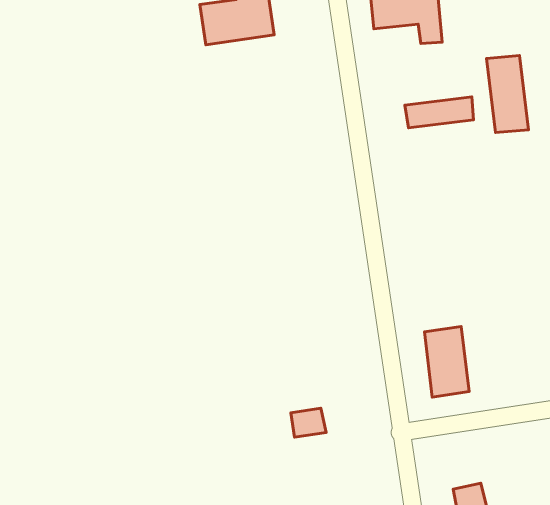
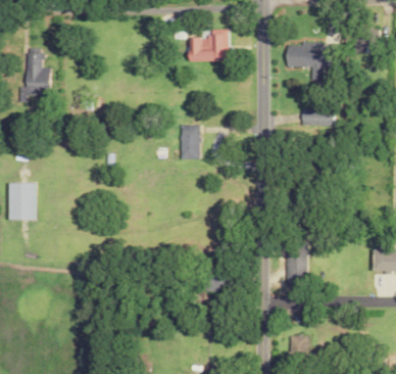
building: [487,56,529,133] -> none
building: none -> [182,125,201,159]

